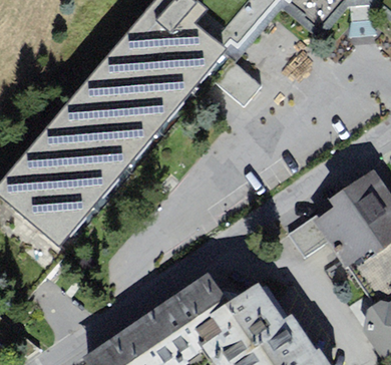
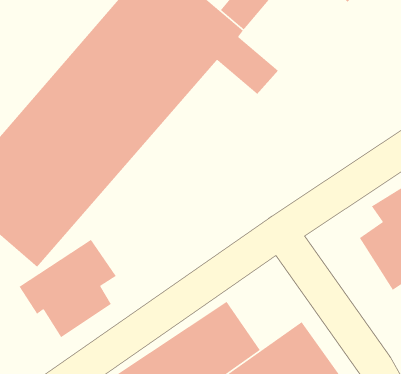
building: [288,216,329,254] -> none
building: none -> [18,239,117,338]

